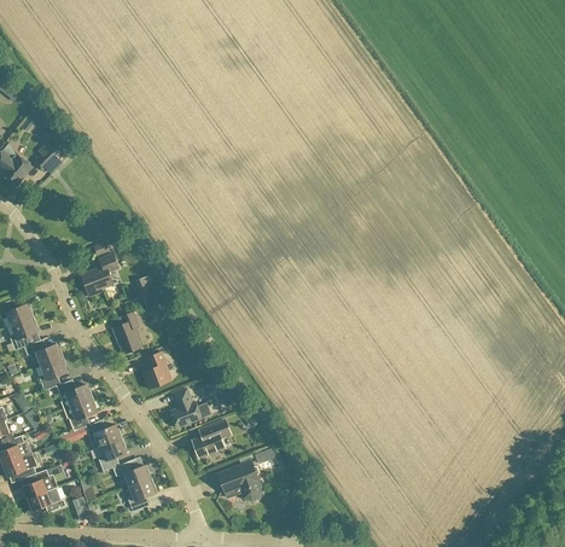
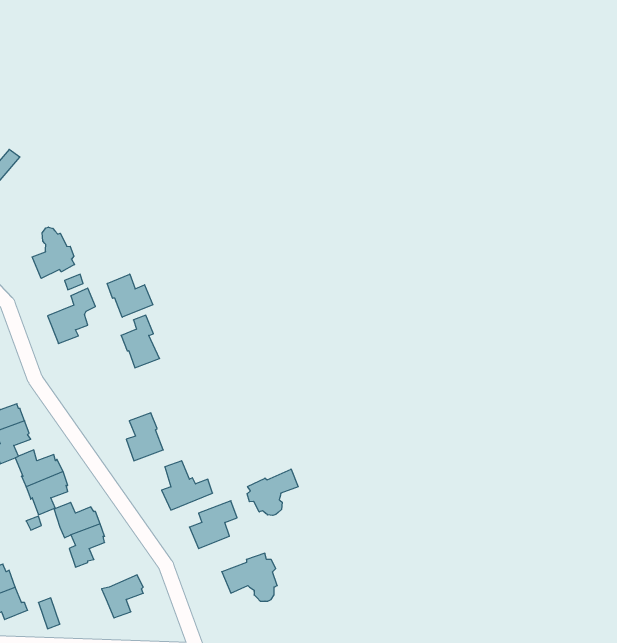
building: none -> [32,227,75,278]
building: none -> [107,274,153,317]
building: [112,312,142,353] -> [121,315,160,368]
building: none -> [247,469,298,515]
building: [112,460,151,487] -> none

